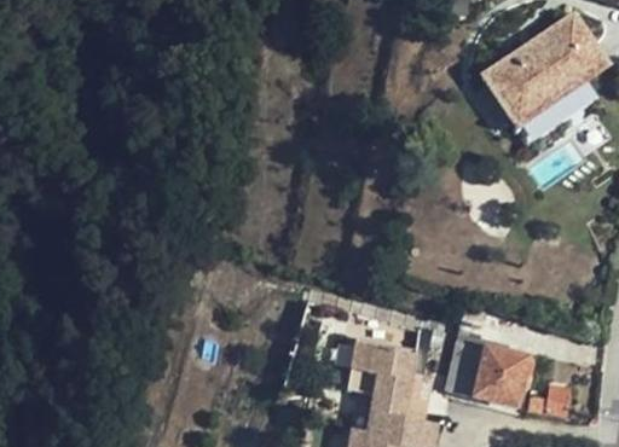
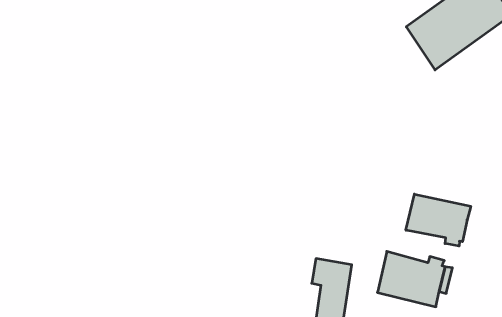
building: none -> [406,194,471,246]
building: [348,342,382,401] -> none

